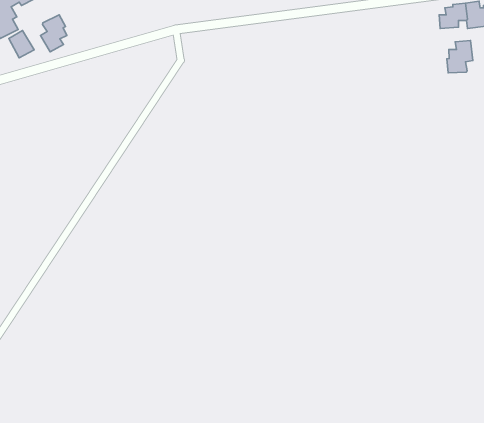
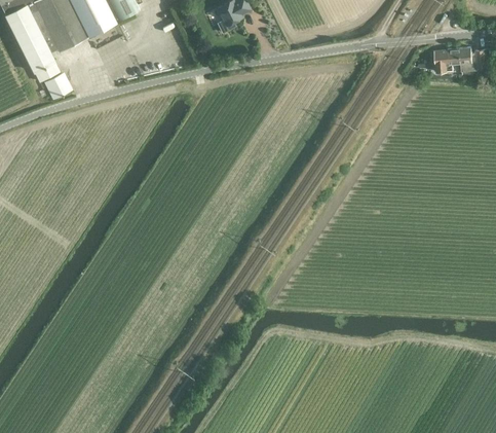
building: [41,15,67,52] -> none
building: [447,40,473,73] -> none

